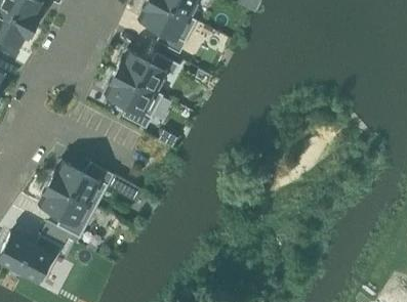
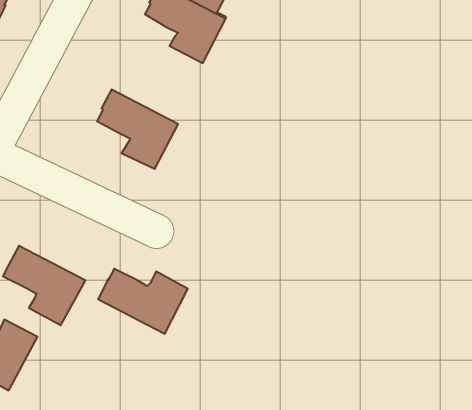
building: [115,49,178,95] -> none
building: [49,160,113,206] -> [98,269,188,334]

